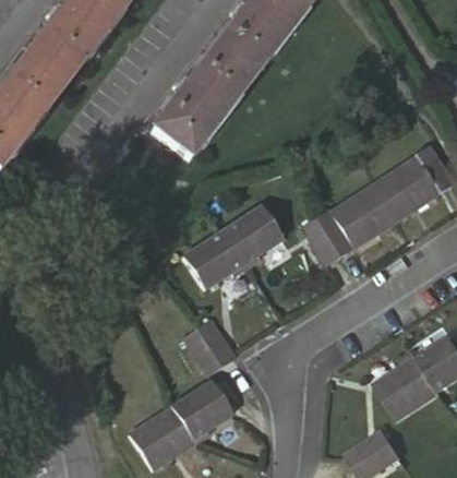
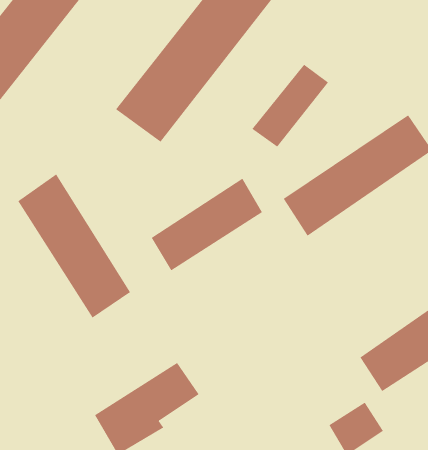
building: none -> [252,64,329,148]
building: none -> [17,174,131,318]
building: [180,322,227,374] -> none

